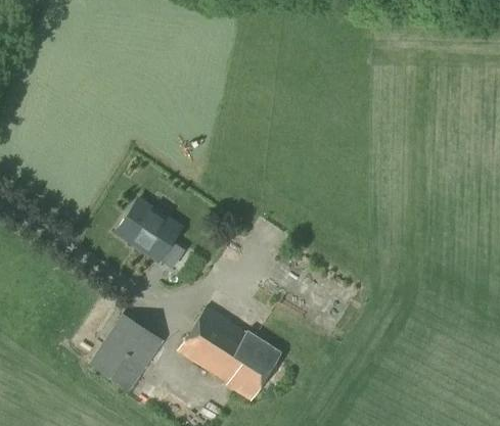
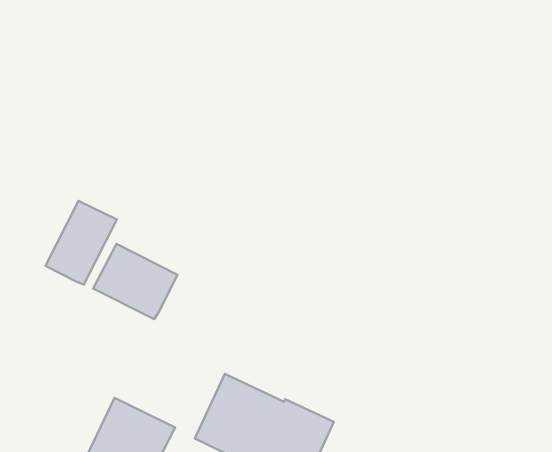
building: none -> [45,201,117,285]

